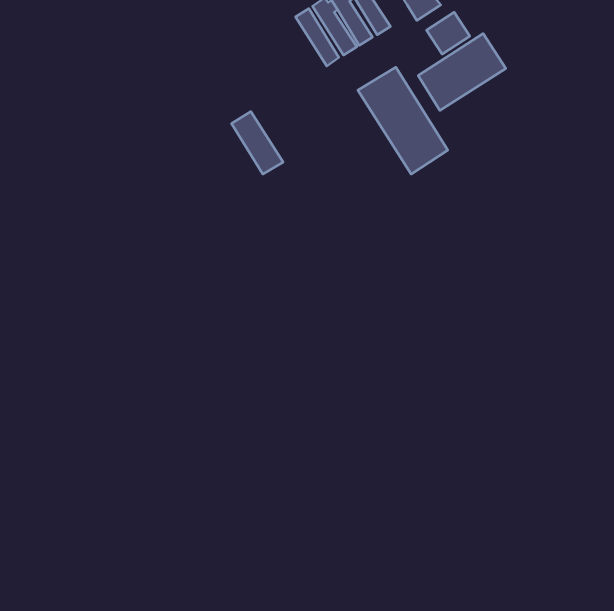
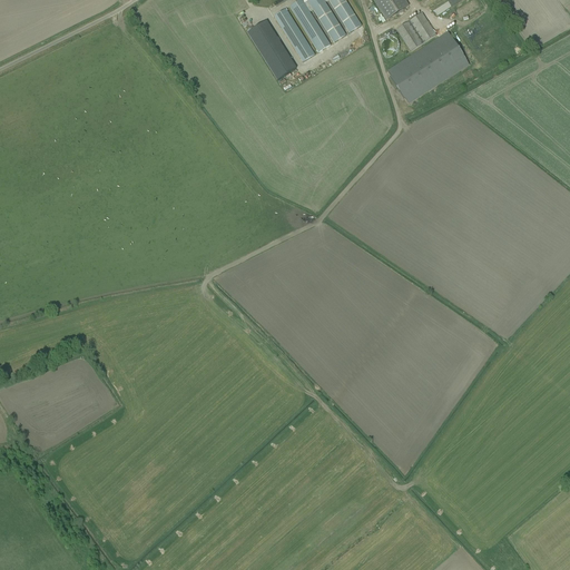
building: [358,67,448,174] -> none
building: [231,112,283,174] -> [247,20,295,78]

